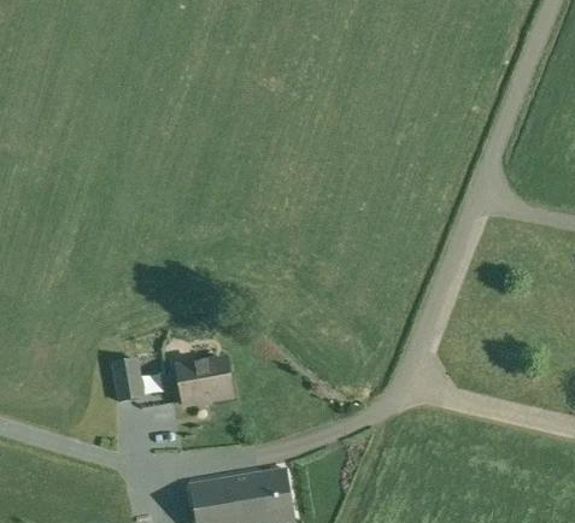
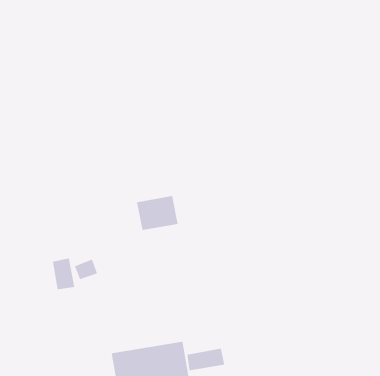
building: [176,358,231,404] -> [136,196,178,230]
building: none -> [187,348,225,371]

